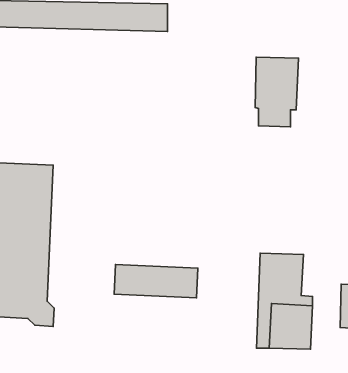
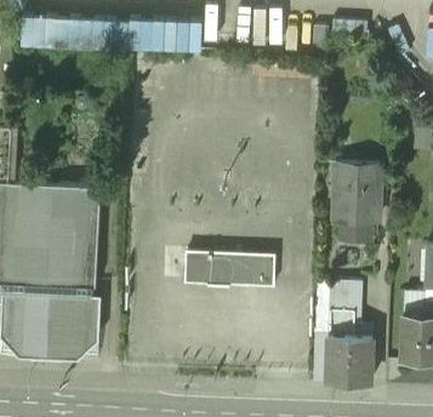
building: [255,57,298,127] -> [334,167,380,241]
building: [114,265,198,298] -> [186,252,274,287]

